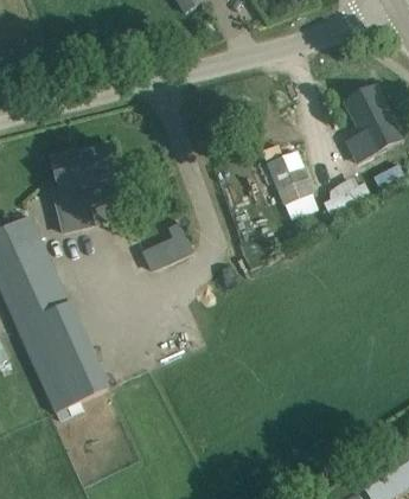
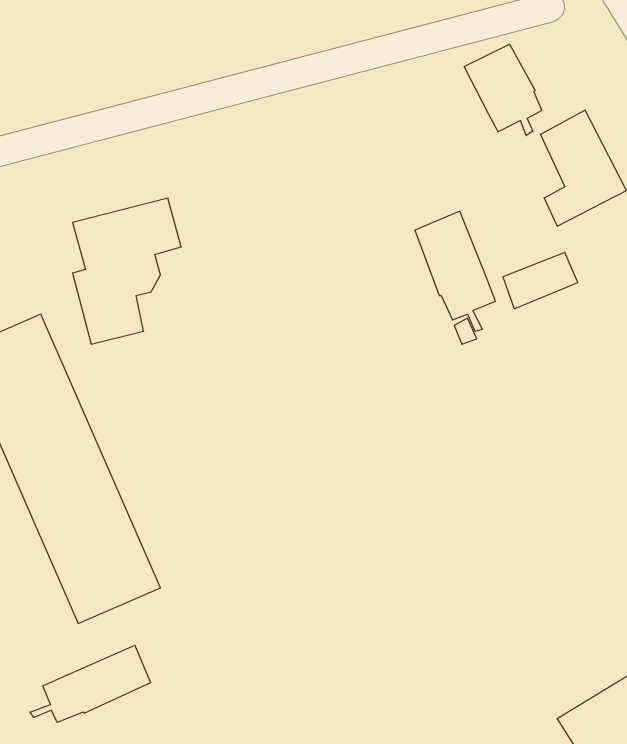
building: none -> [464,44,542,136]
building: [140,219,196,269] -> none
building: none -> [30,645,150,722]

